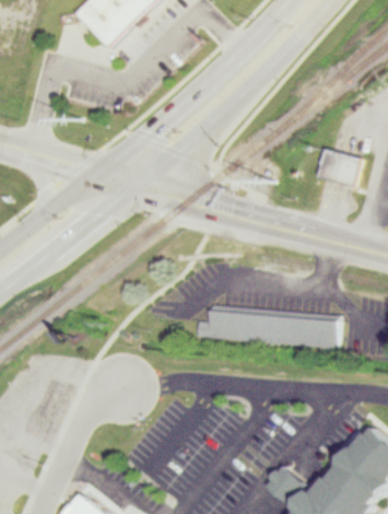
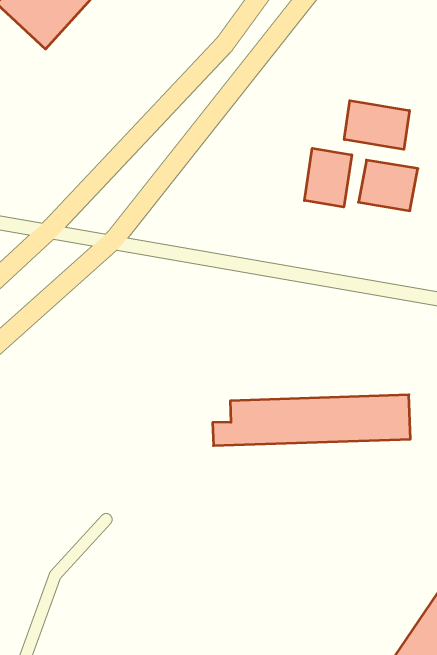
building: none -> [344,101,409,149]
building: none -> [304,148,352,207]

